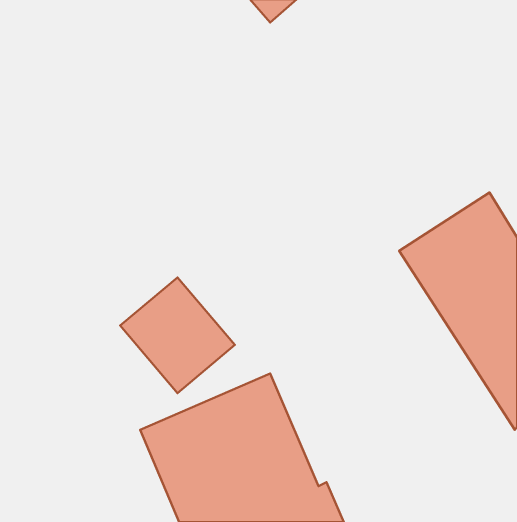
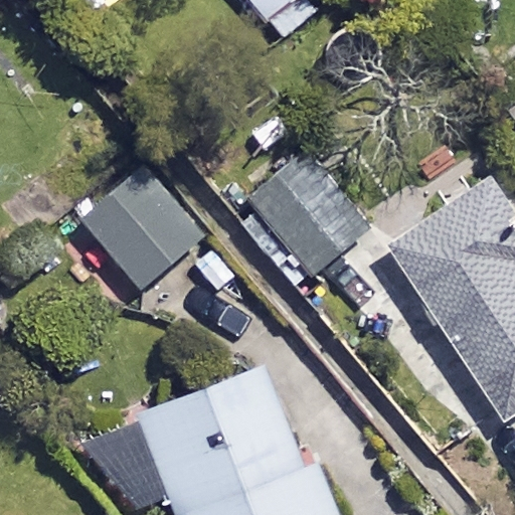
building: none -> [220,130,371,288]
building: [120,277,235,393] -> [85,174,198,288]

